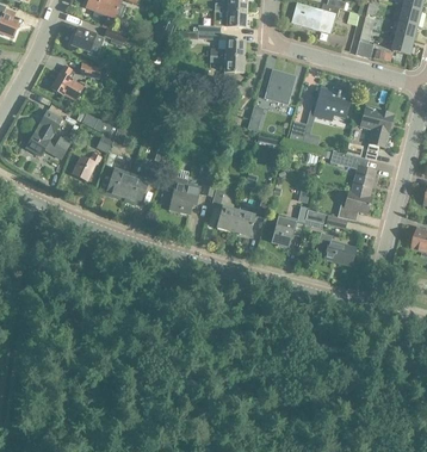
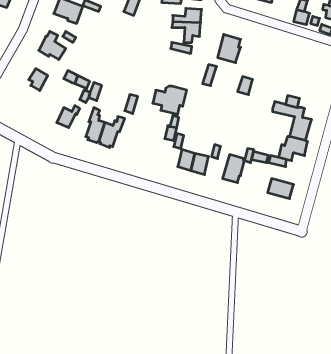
building: [312,87,349,120] -> none
building: [359,107,391,141] -> none
building: [25,130,67,159] -> none
building: [159,181,199,215] -> [153,86,187,114]

